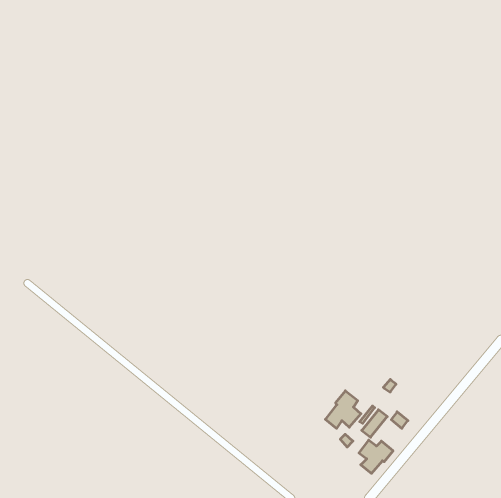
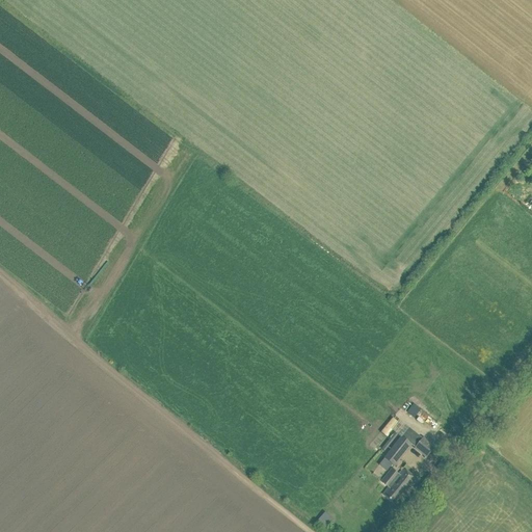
building: [325,391,361,428] -> none

